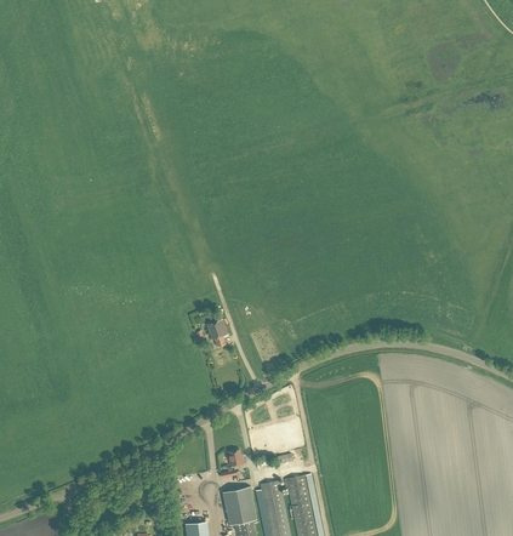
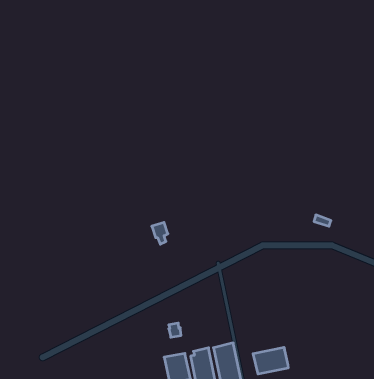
building: none -> [253,347,288,374]

